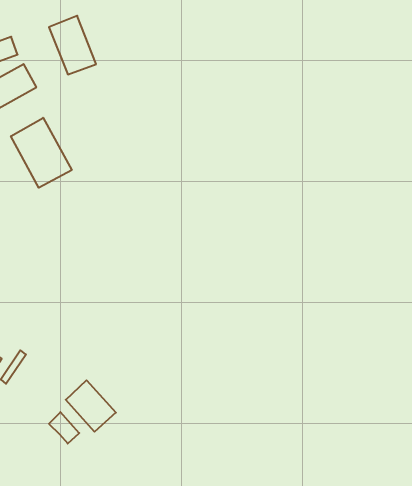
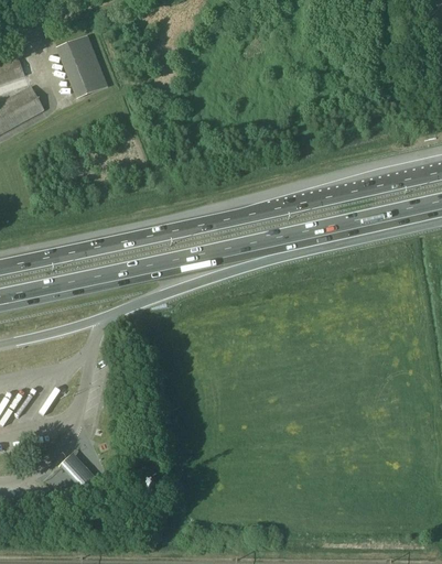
building: [11,118,72,188] -> none
building: [66,380,116,432] -> none

